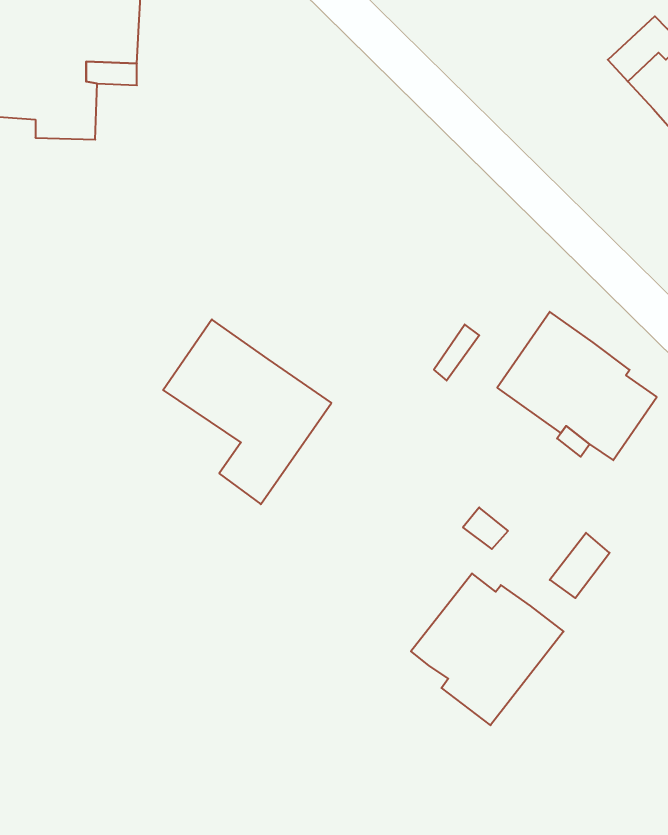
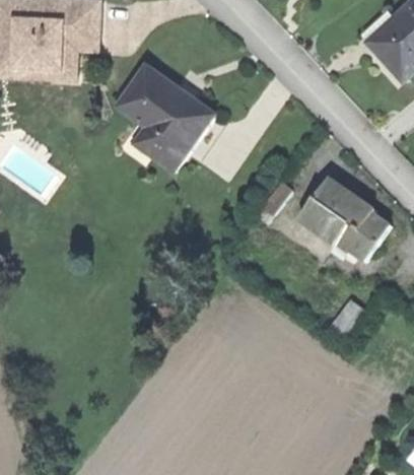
building: [163,319,331,504] -> [119,68,213,172]
building: [411,573,564,725] -> none

